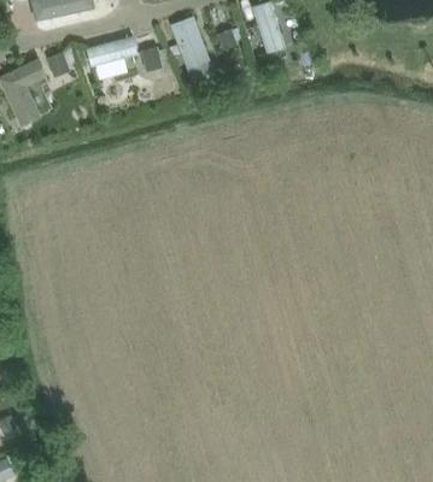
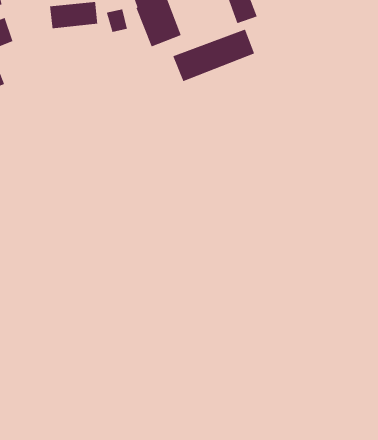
building: none -> [172,28,255,82]

